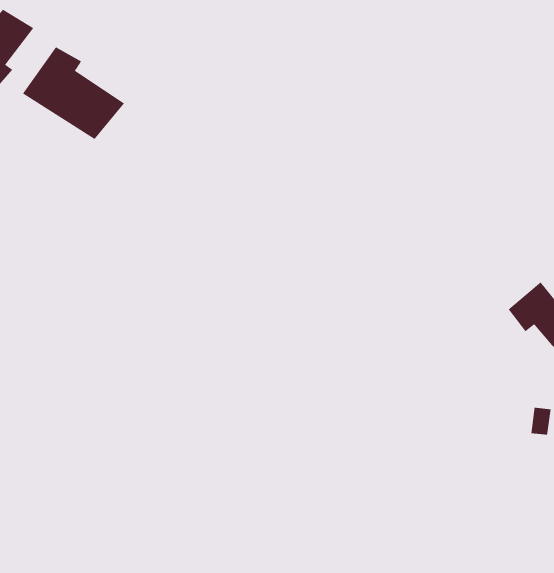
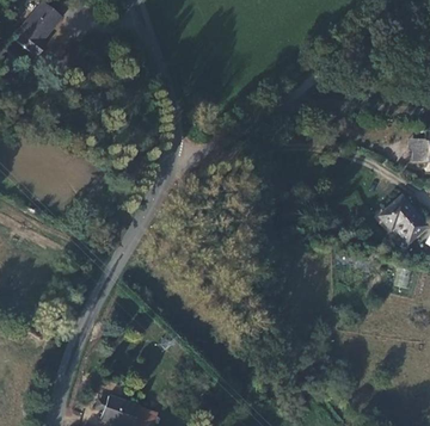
building: [22,47,125,140] -> none

